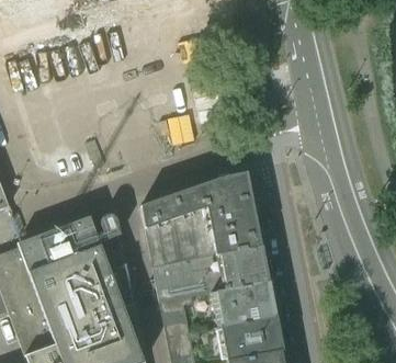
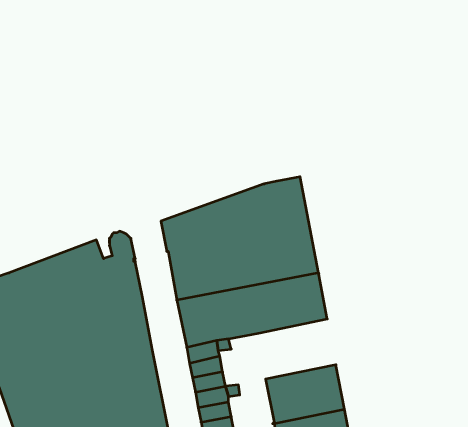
building: [214,280,273,326] -> none

